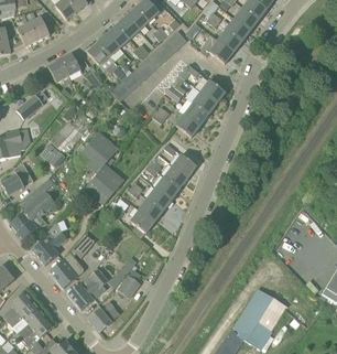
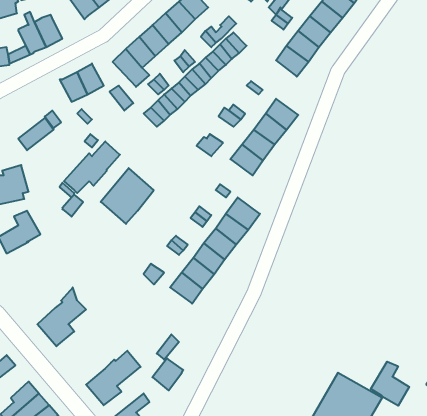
building: [85,163,124,204] -> none
building: [10,179,56,238] -> none
building: [50,233,95,287] -> none
building: none -> [371,362,409,406]

